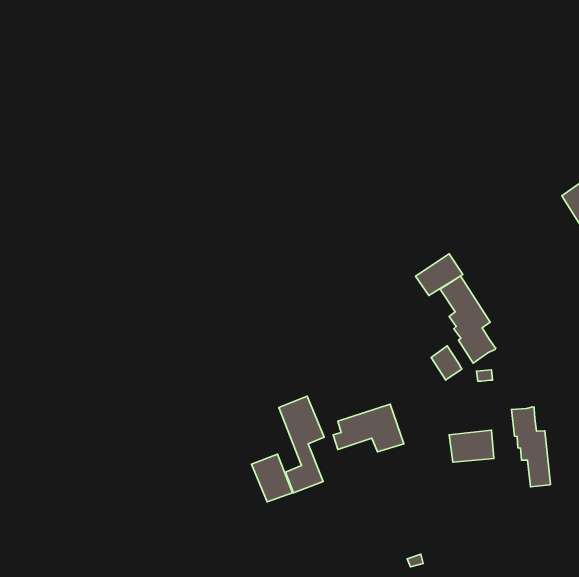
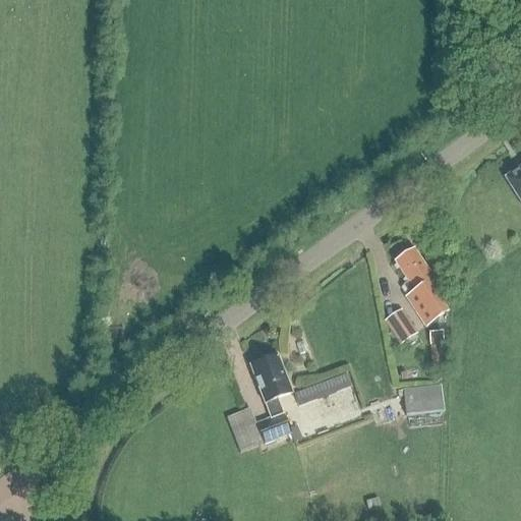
building: [415,254,463,295] -> none
building: [512,407,550,487] -> none

